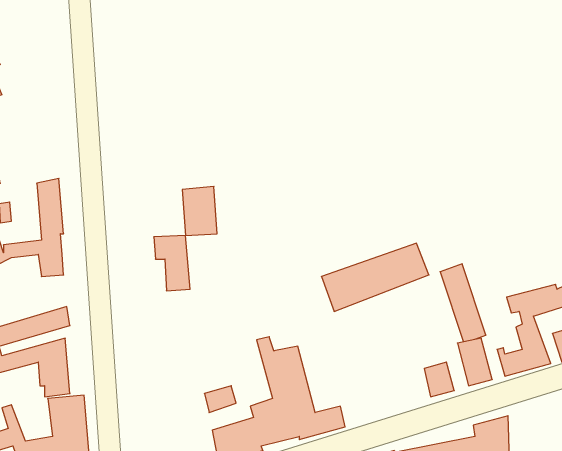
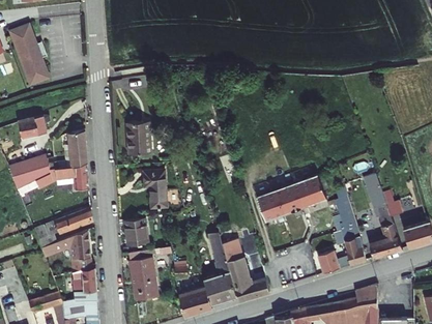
building: [182,186,217,235] -> [126,117,149,149]
building: none -> [124,214,149,239]
building: none -> [131,241,174,298]

